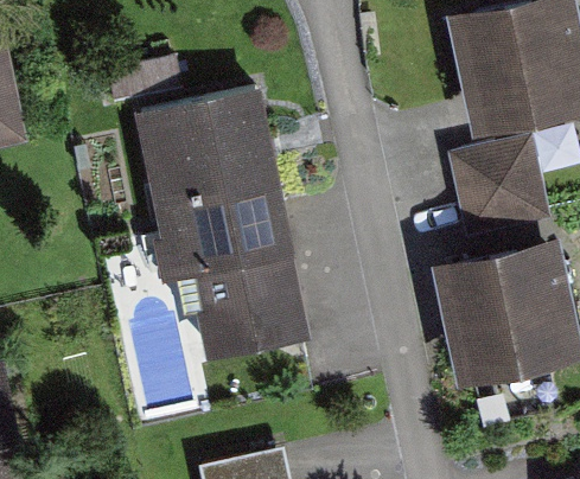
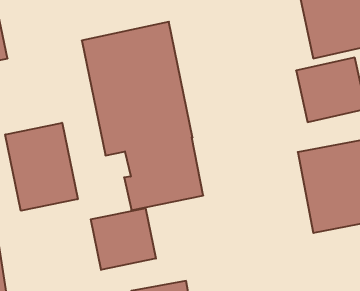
building: none -> [5,123,78,211]
building: none -> [91,208,156,270]

